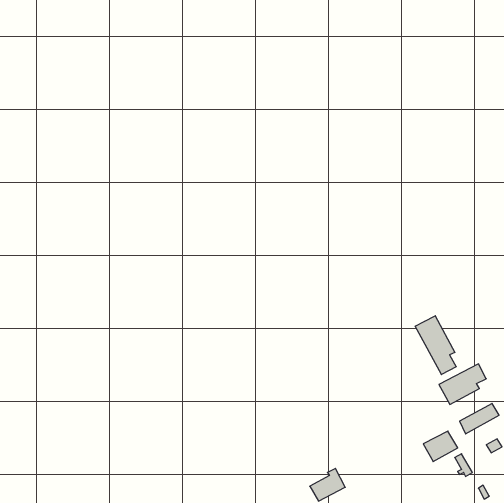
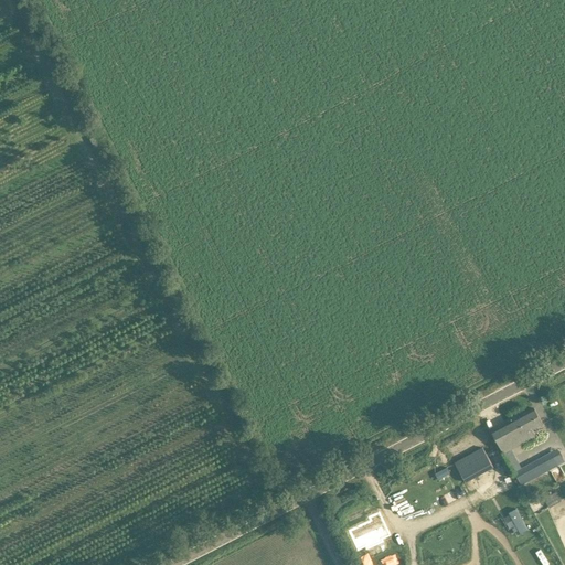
building: [415,316,456,375] -> none
building: [423,431,458,462] -> [455,447,493,481]

